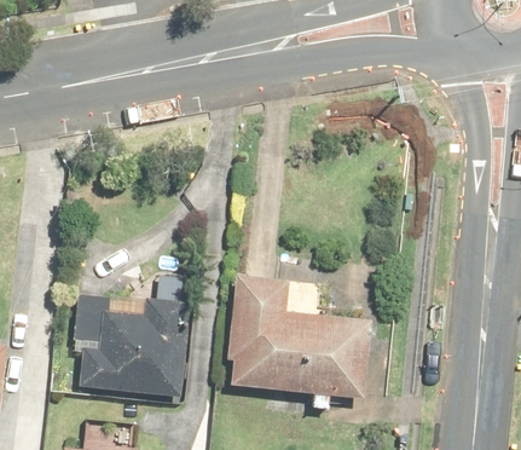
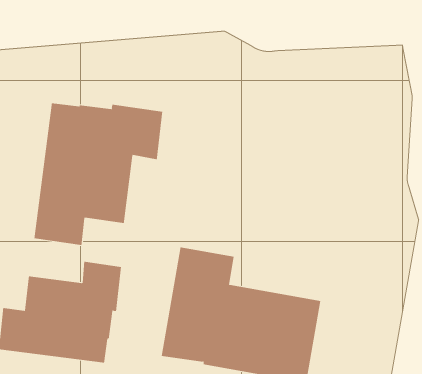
building: none -> [34,103,163,246]

